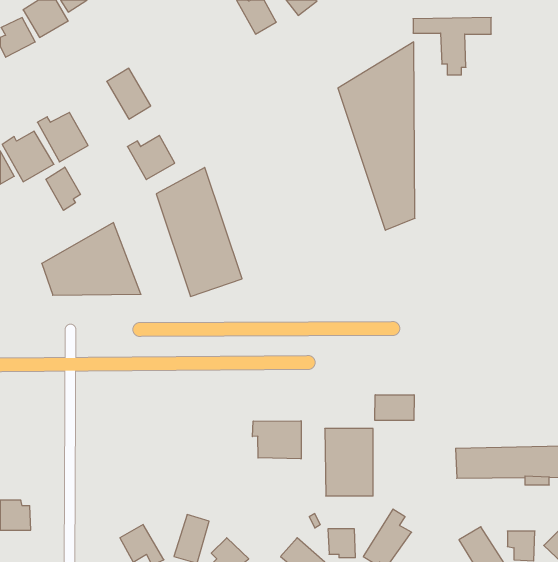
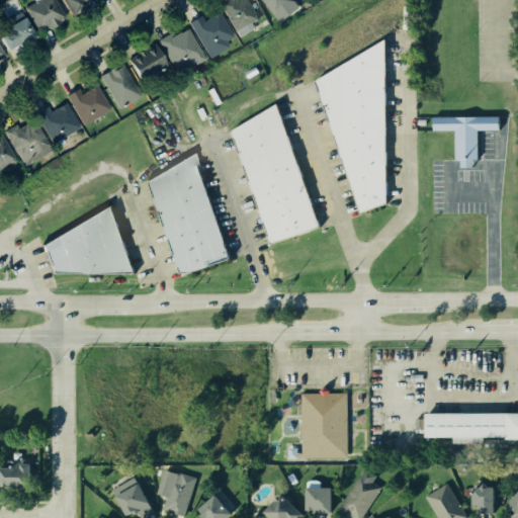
building: none -> [192,13,235,59]
building: [413,18,491,75] -> [432,116,504,169]
building: none -> [160,27,207,72]
building: none -> [127,46,165,81]
building: none -> [231,104,319,245]
building: [127,135,175,180] -> [69,86,112,126]
building: [46,167,80,210] -> none
building: [375,395,414,420] -> none
building: [252,421,301,459] -> none

